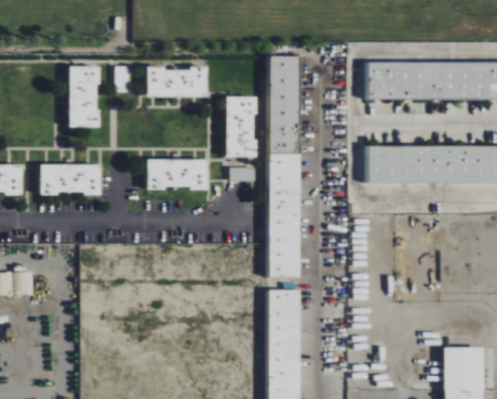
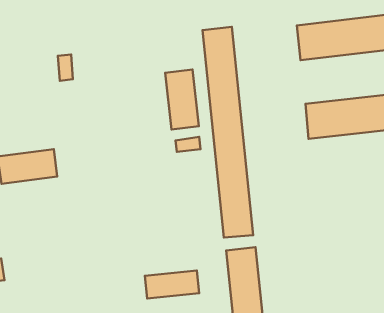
building: [68,67,98,128] -> none
building: [147,67,207,97] -> none
building: [147,159,207,189] -> none
building: none -> [145,270,199,298]

